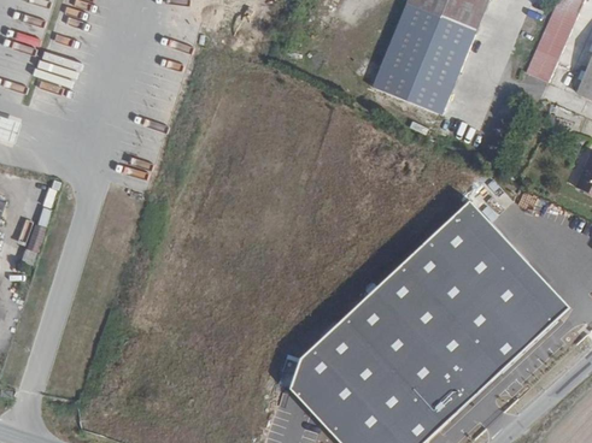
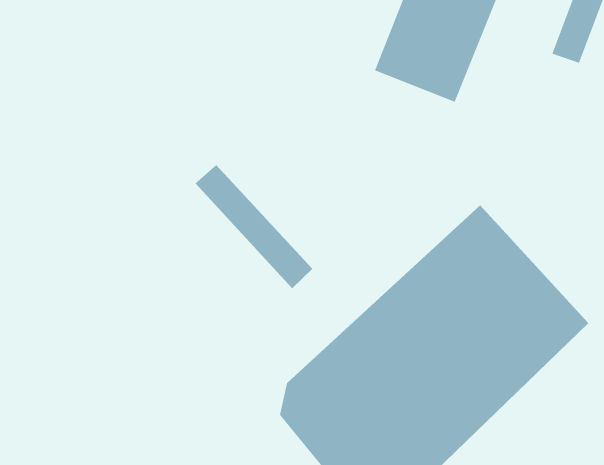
building: none -> [194,164,313,289]

